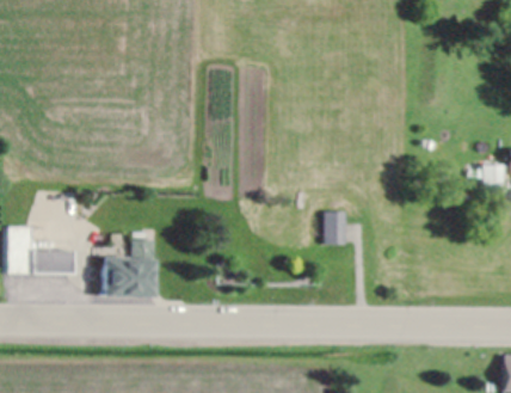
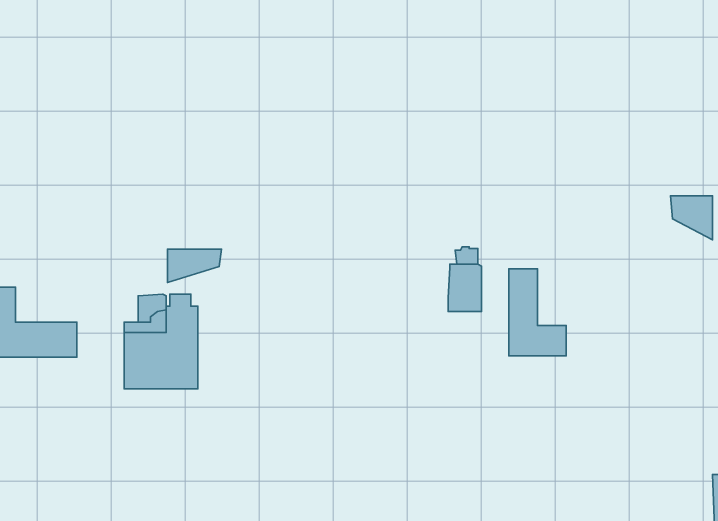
building: none -> [168,249,222,283]
building: none -> [509,269,566,356]

